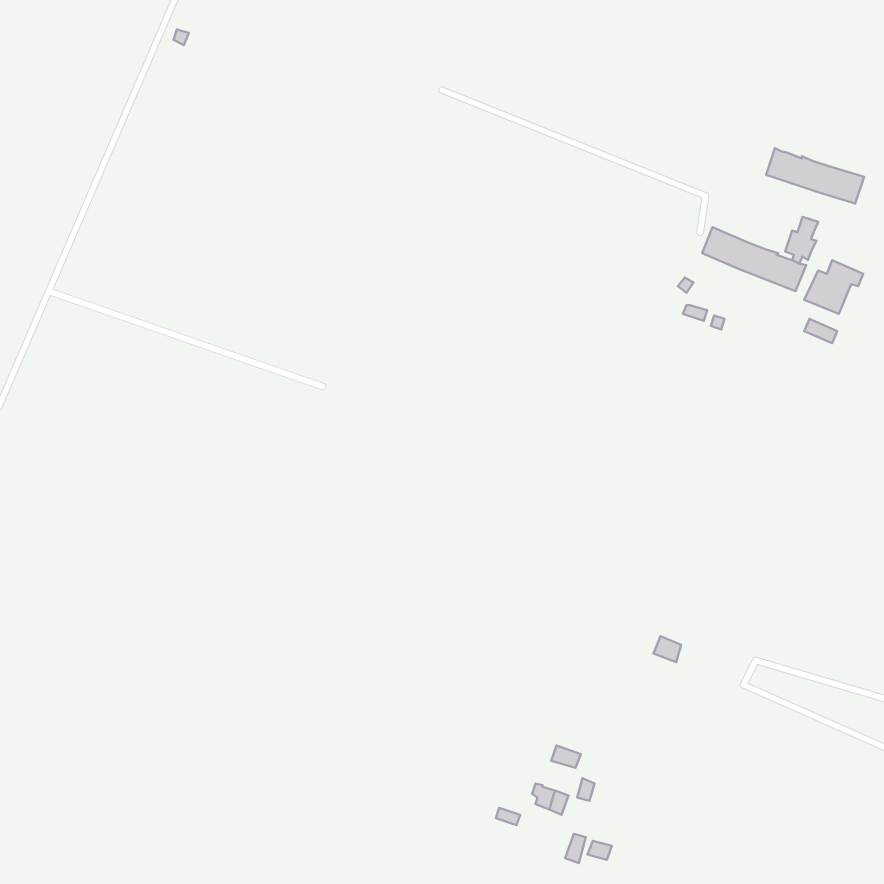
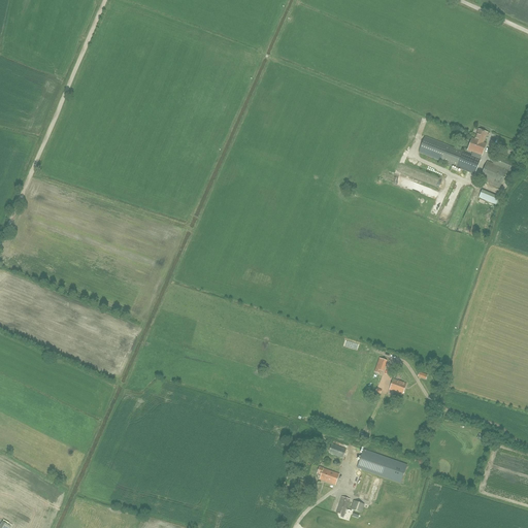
building: [766,148,864,203] -> none
building: none -> [356,449,406,483]

